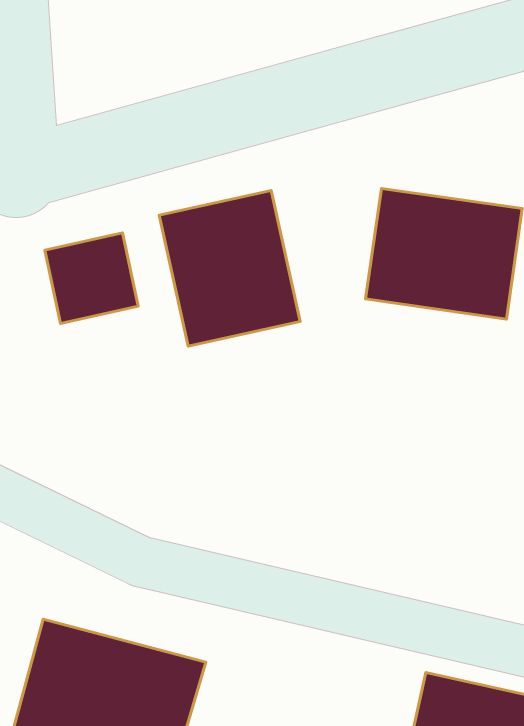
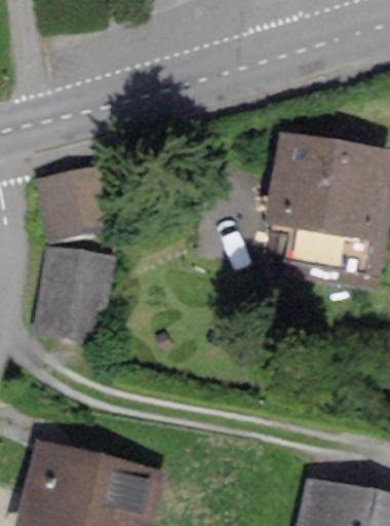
building: [159,190,300,346] -> none
building: none -> [36,254,105,334]

